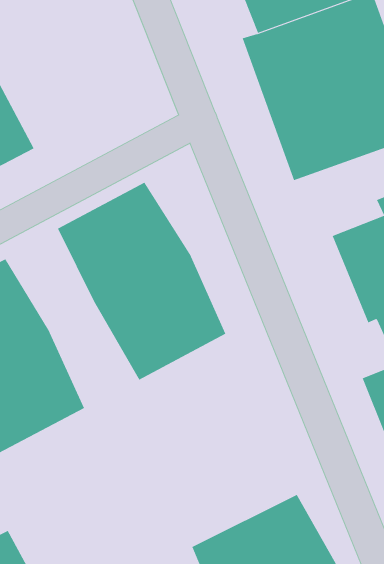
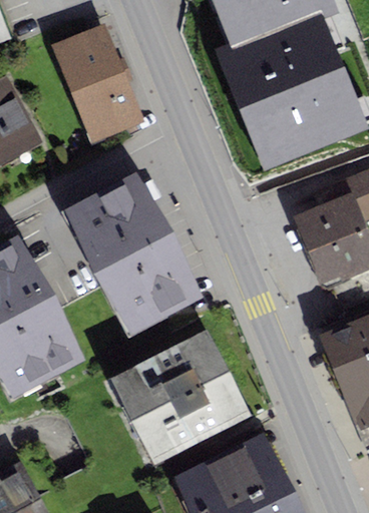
building: none -> [51,23,144,143]
building: none -> [109,328,250,463]

